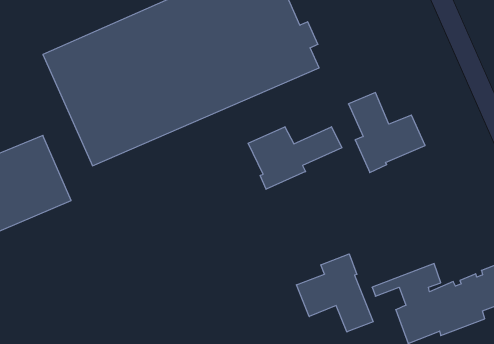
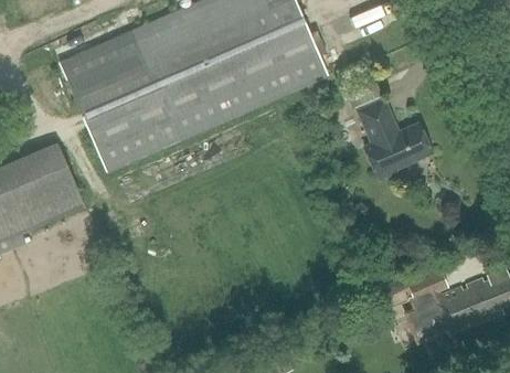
building: [248,127,342,189] -> none
building: [296,254,373,332] -> none

